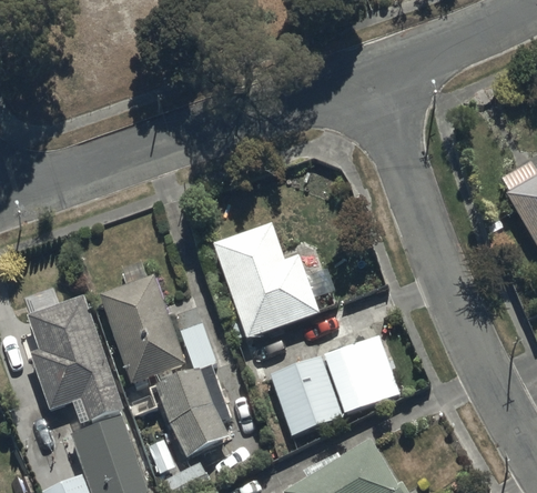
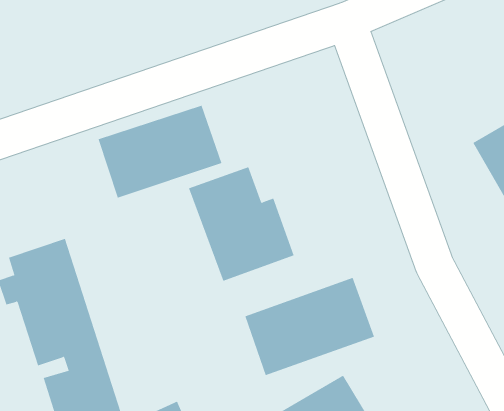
building: none -> [98,105,222,199]
building: [101,274,229,455] -> none

